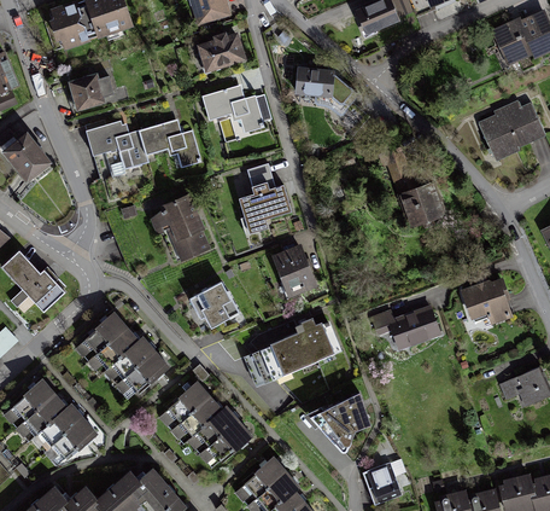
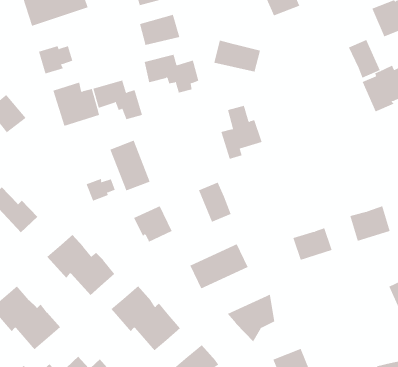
building: none -> [348,39,380,78]
building: [236,163,289,232] -> [221,105,263,159]
building: [402,184,446,227] -> none
building: none -> [86,178,115,202]

